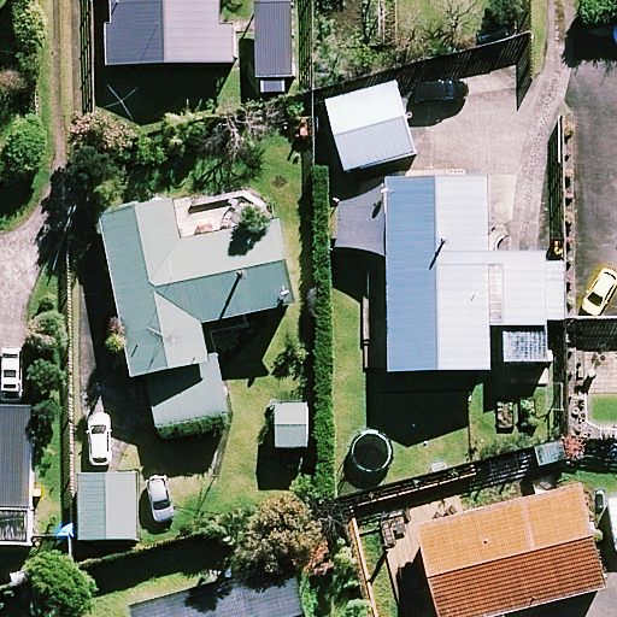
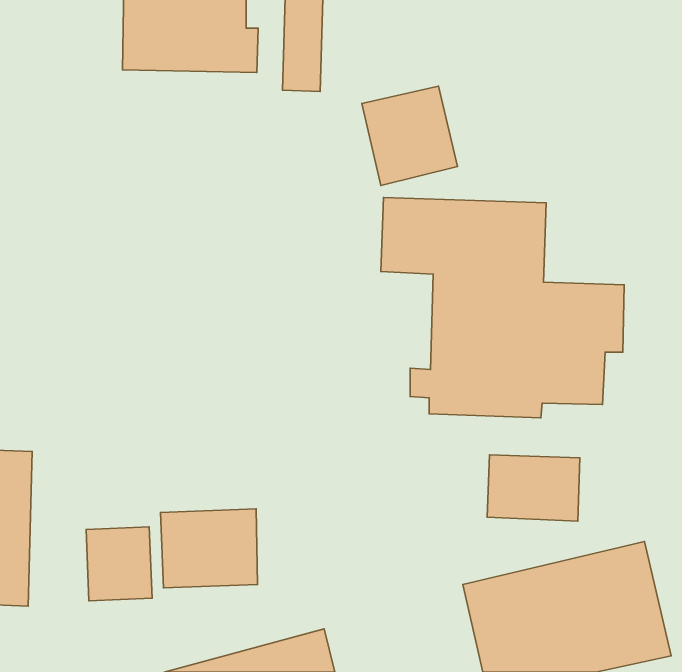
building: [101,205,292,424] -> none
building: none -> [487,455,580,521]
building: none -> [161,509,258,588]

